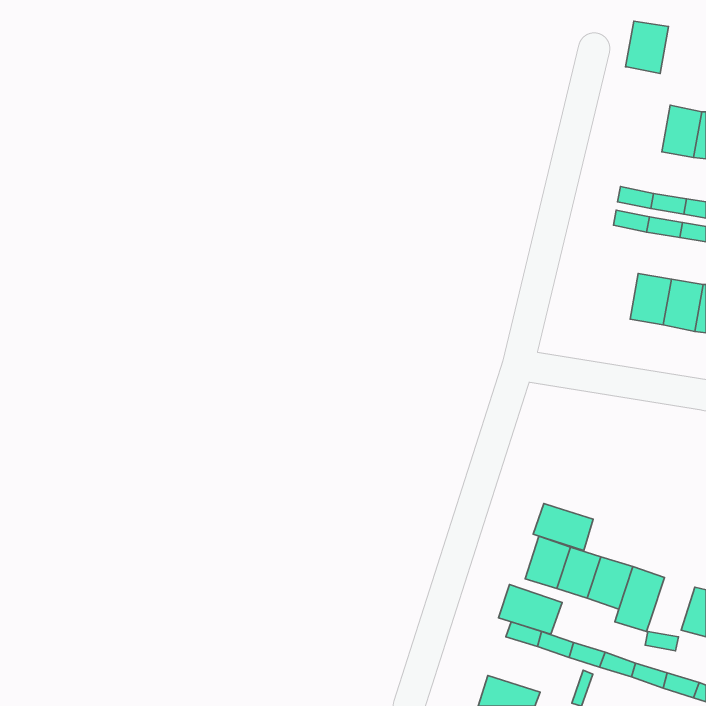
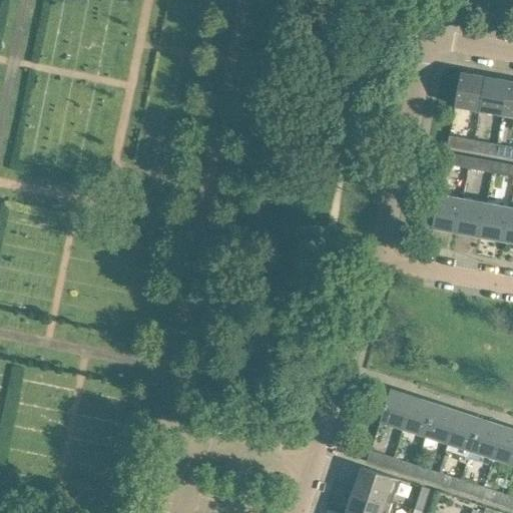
building: [626,21,668,74] -> [455,72,486,110]
building: none -> [433,193,463,231]
building: [533,504,593,551] -> none
building: none -> [472,419,504,457]
building: [498,585,562,634] -> [354,466,400,502]

